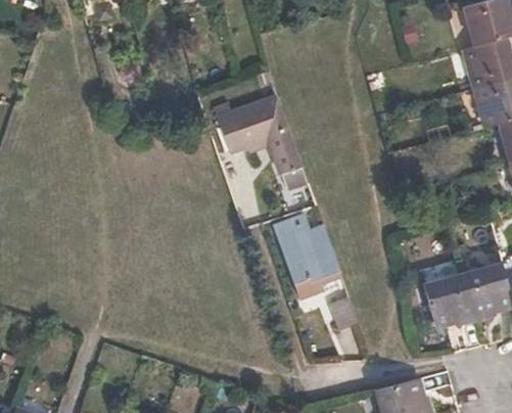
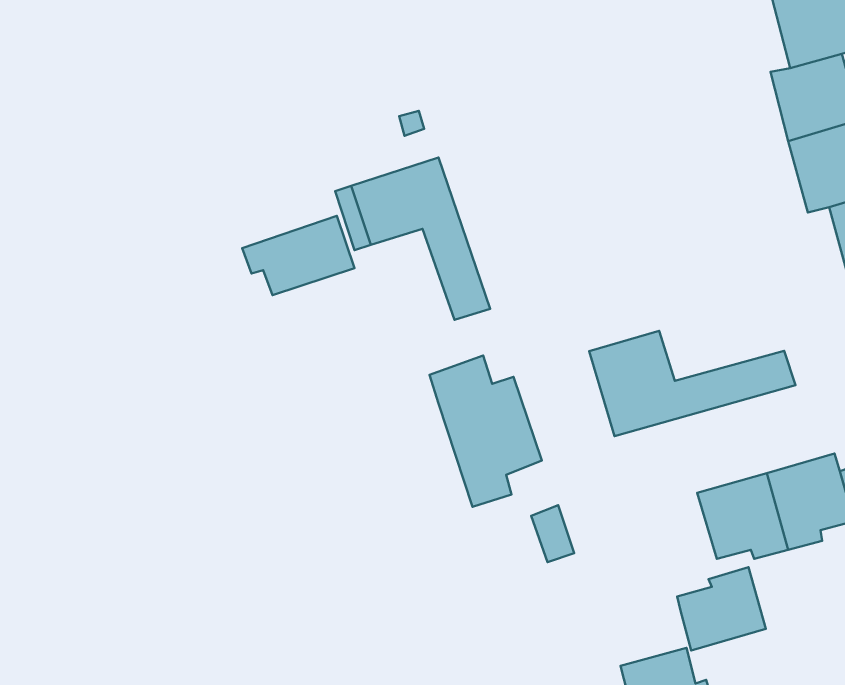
building: none -> [242,216,355,295]
building: none -> [589,331,795,436]
building: none -> [677,567,766,650]

